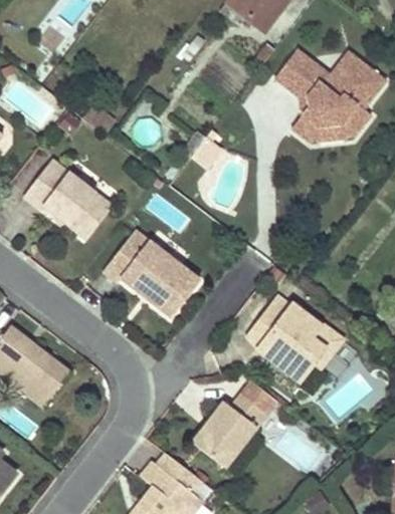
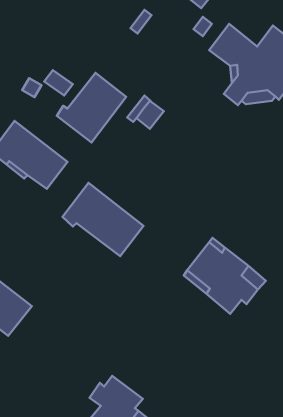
building: none -> [57,73,126,143]
building: [190,380,276,469] -> none

